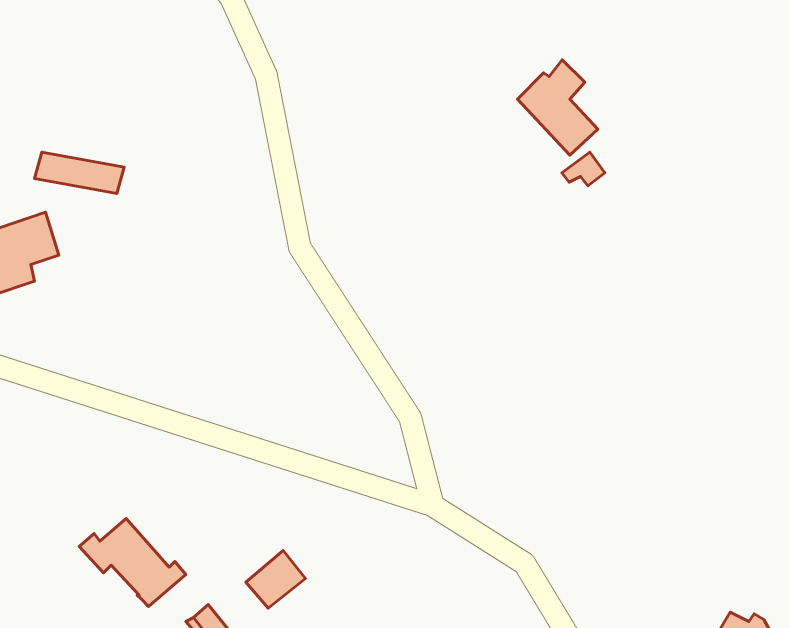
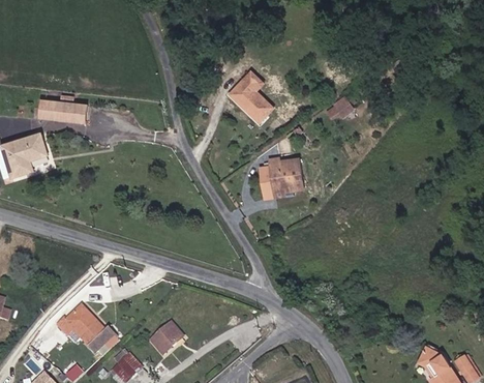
building: [517,60,598,155] -> [229,68,273,121]
building: none -> [267,157,299,196]

